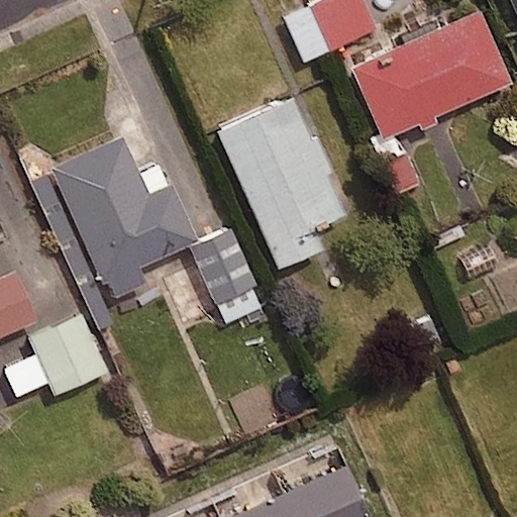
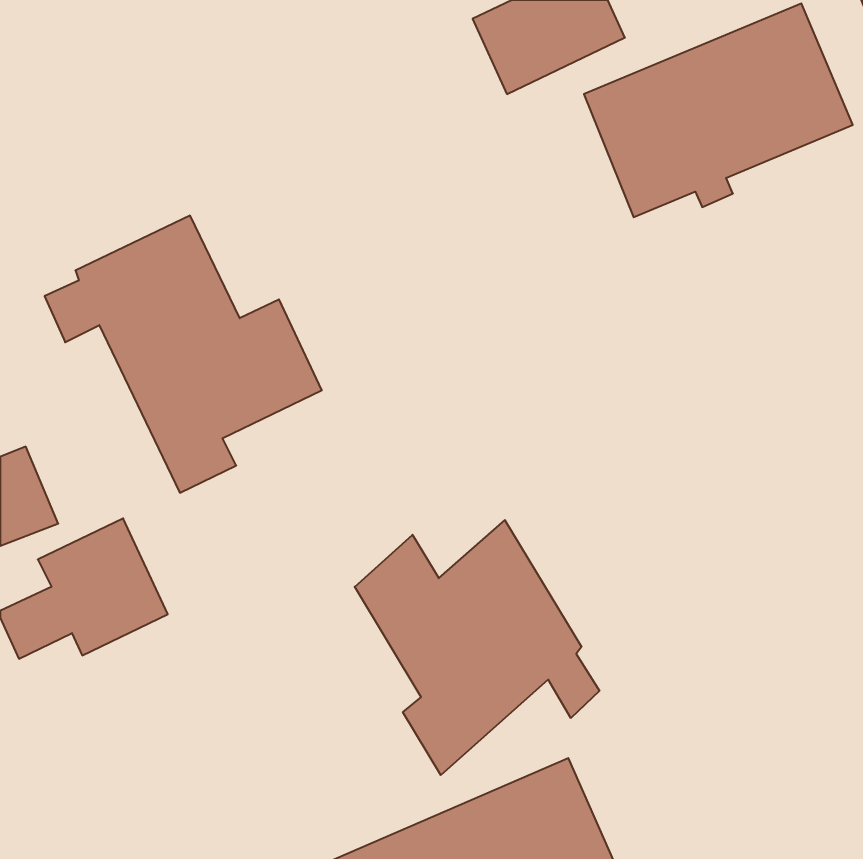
building: [216,95,347,267] -> none
building: [180,229,267,327] -> none
building: none -> [355,520,599,775]

